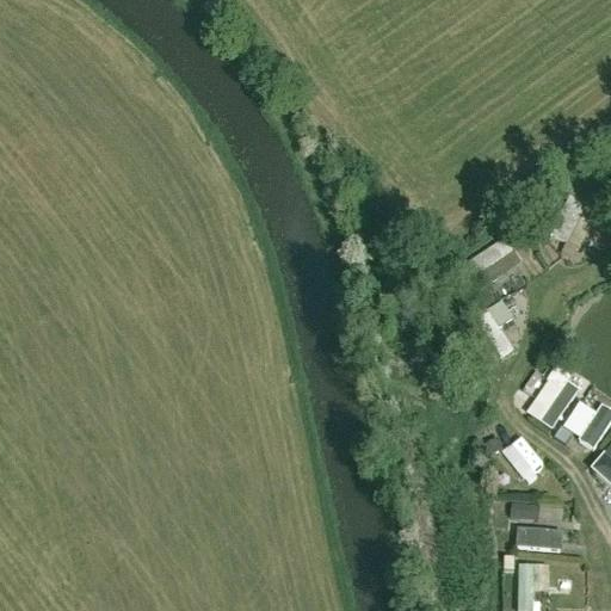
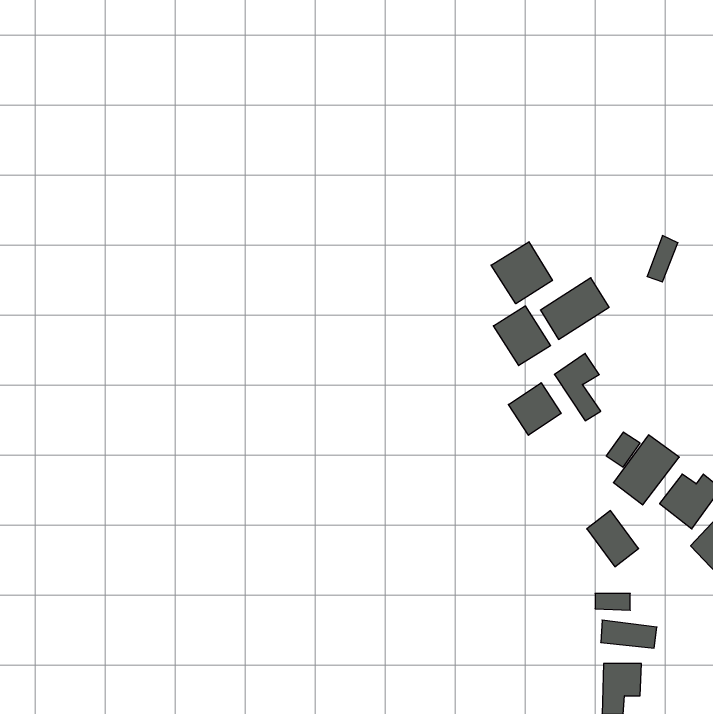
building: none -> [491,242,552,304]
building: none -> [493,306,551,366]
building: none -> [508,383,561,435]

